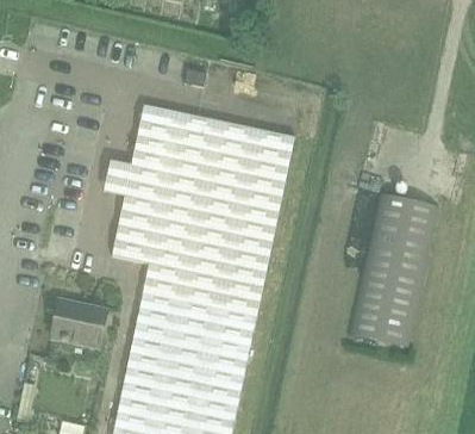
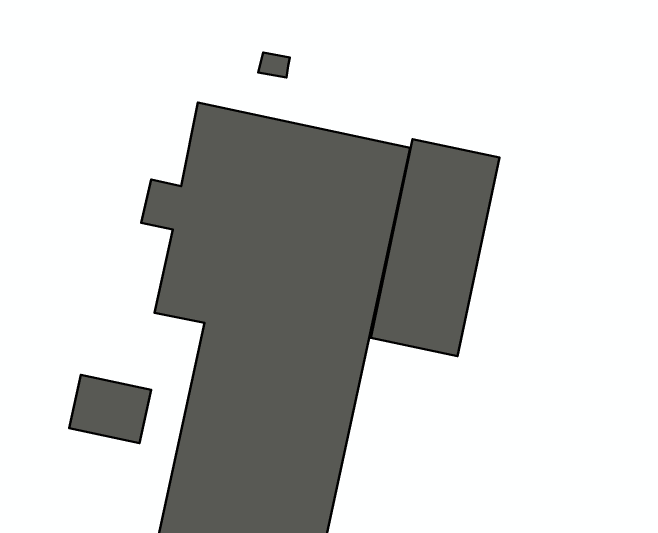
building: [349,192,440,347] -> [371,139,499,356]

